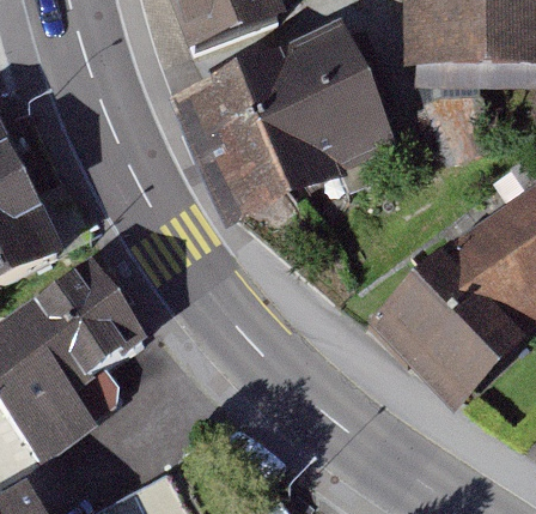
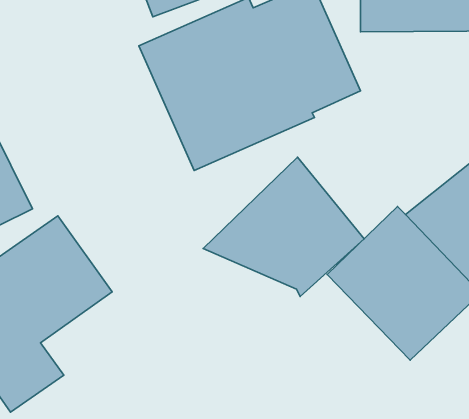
building: none -> [203,157,364,297]

